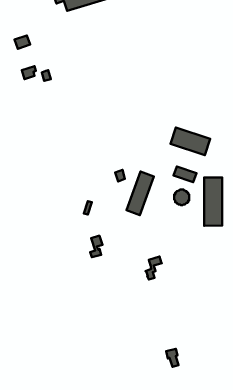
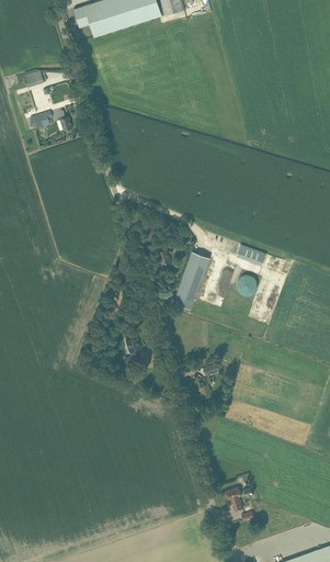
building: [171,127,210,155] -> none
building: [204,177,222,226] -> none

